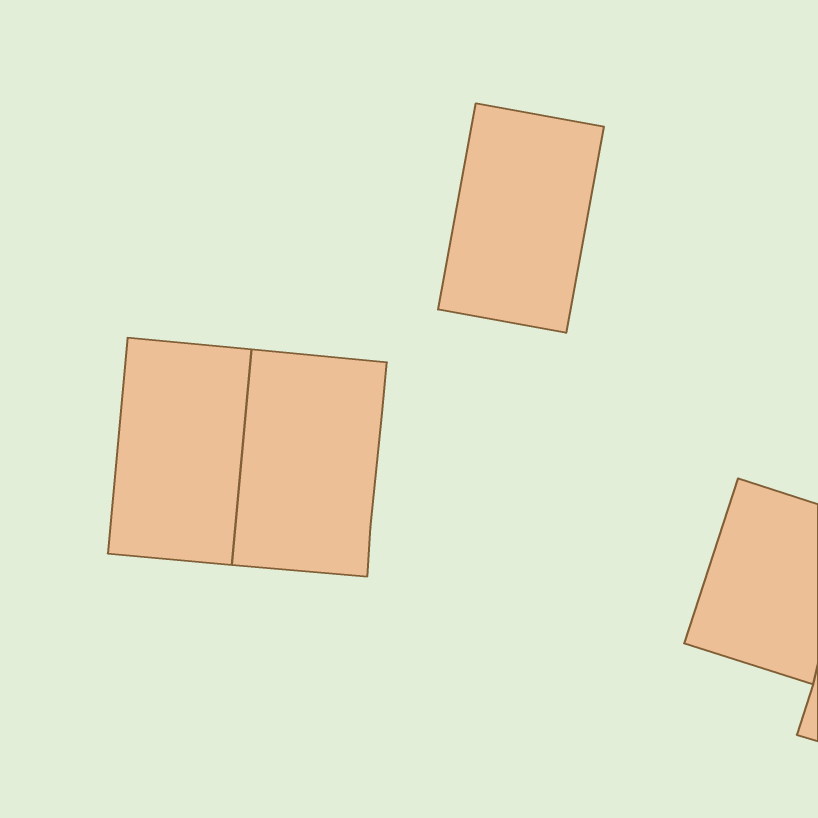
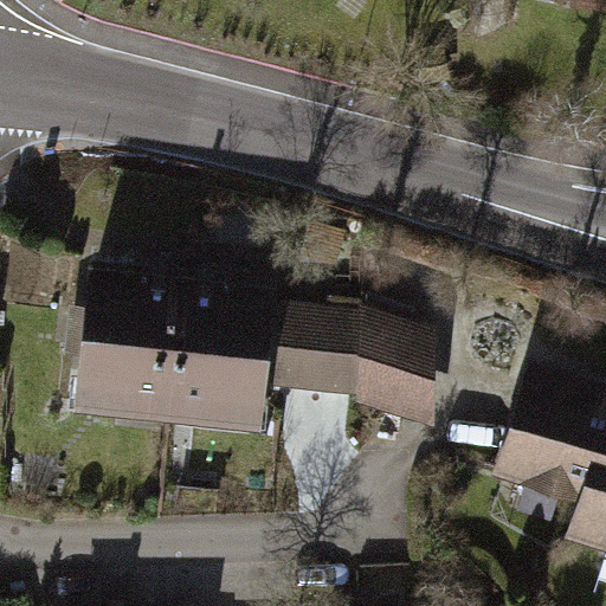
building: [438,103,604,333] -> none
building: none -> [269,310,437,425]

